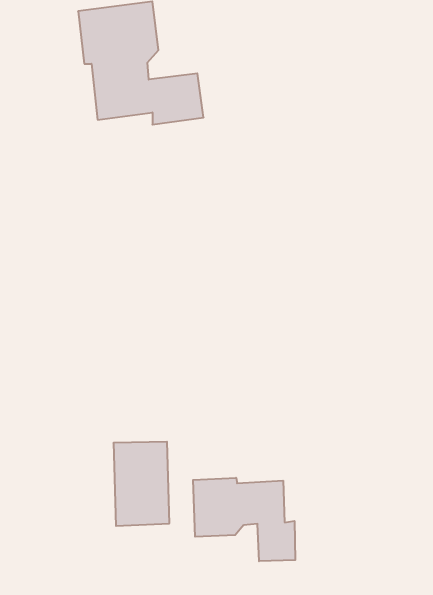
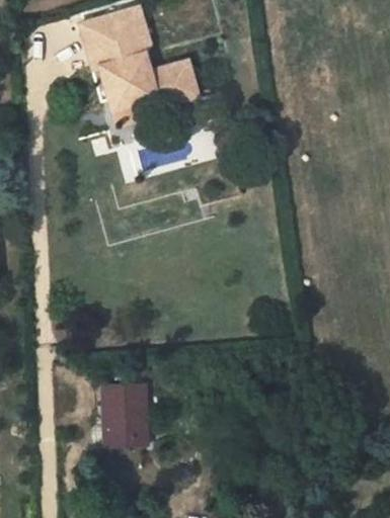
building: [193,478,295,561] -> none

